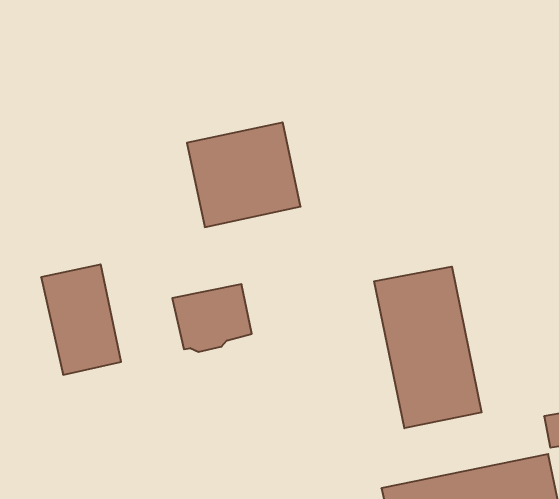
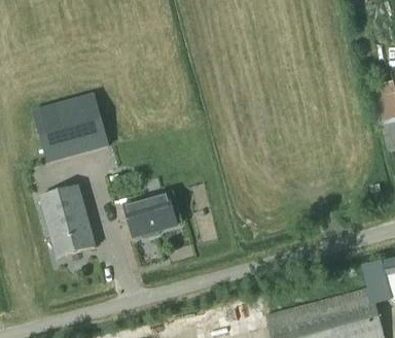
building: [187,122,301,227] -> [34,93,108,162]
building: [374,267,482,428] -> none

